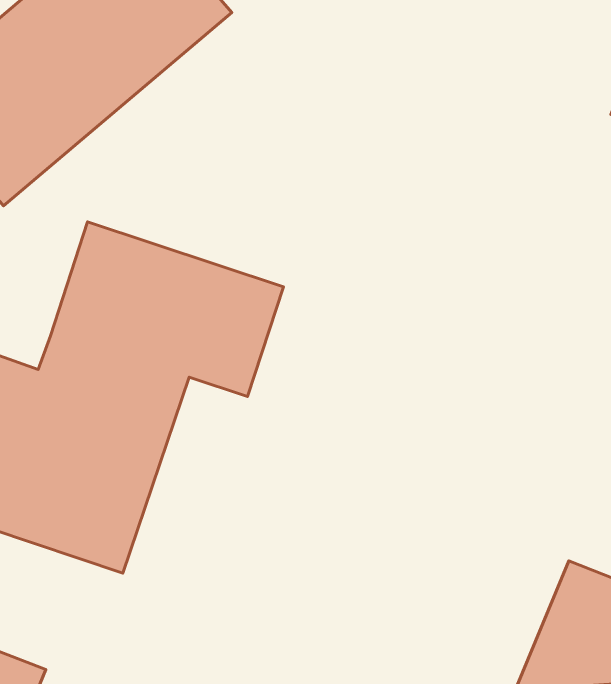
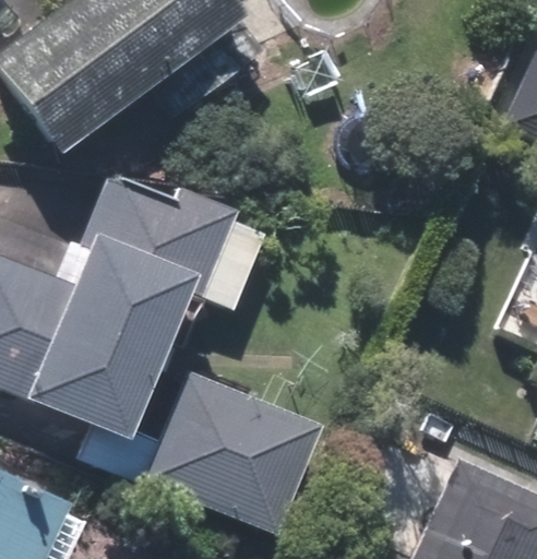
building: none -> [150,373,320,532]

